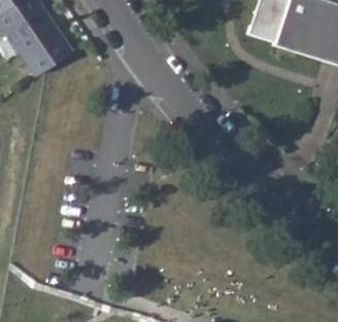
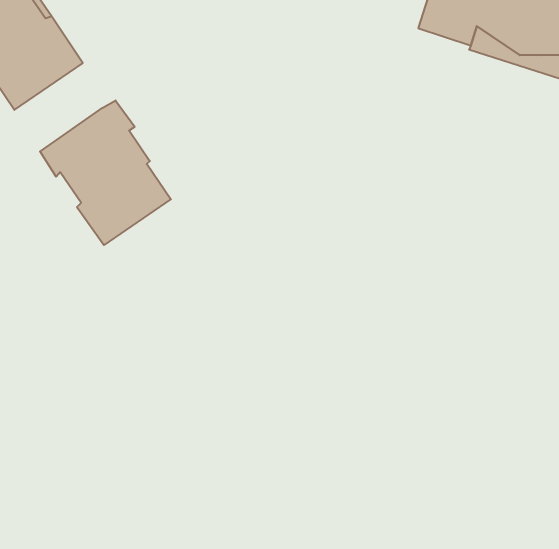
building: none -> [40,100,171,245]

